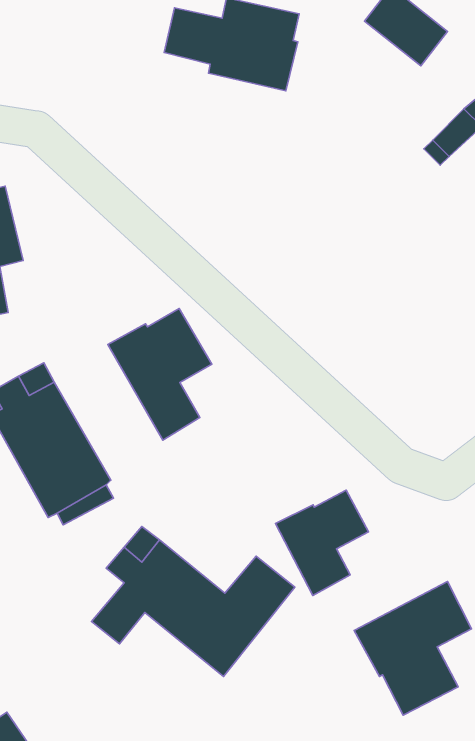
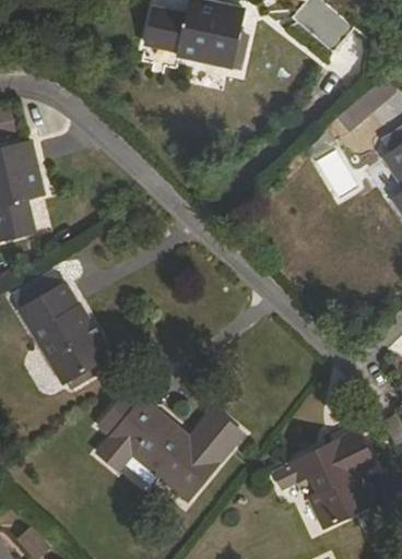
building: [108,308,212,440] -> none
building: [275,490,369,595] -> none

